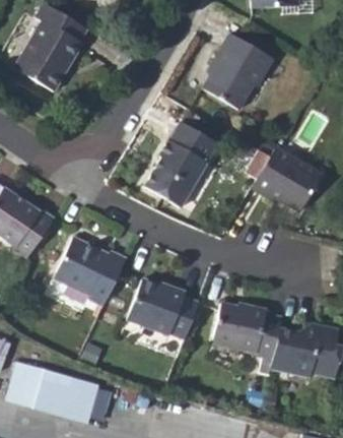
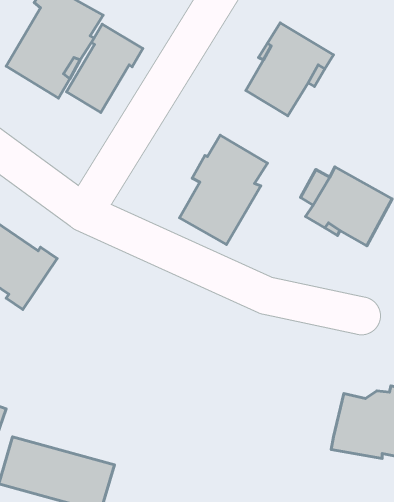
building: none -> [66,24,143,112]
building: [59,237,129,305] -> none
building: [129,277,201,338] -> none
building: [213,305,283,363] -> none

